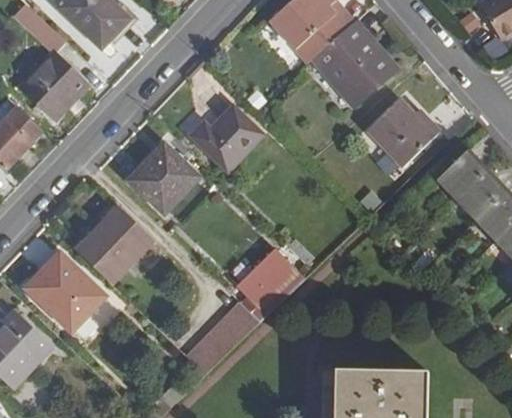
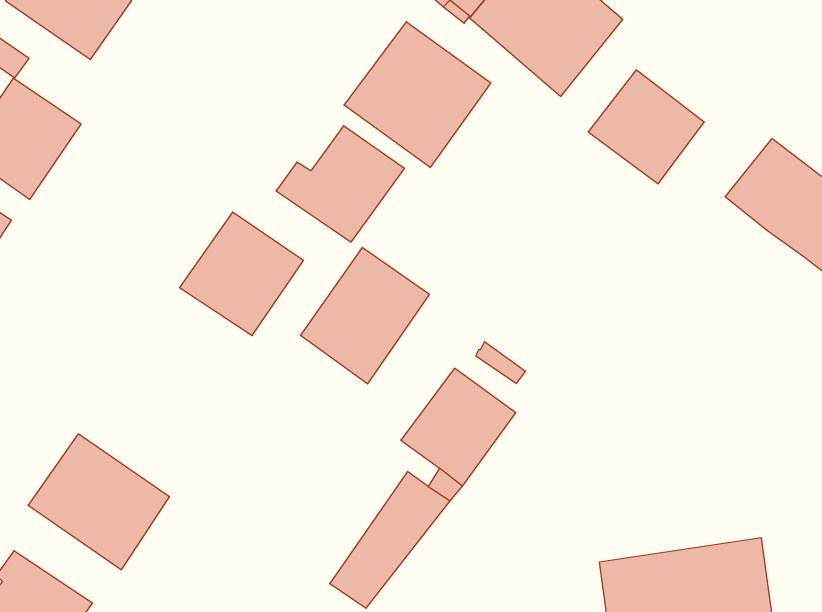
building: none -> [344,22,491,168]
building: [79,209,154,285] -> [300,247,429,384]

